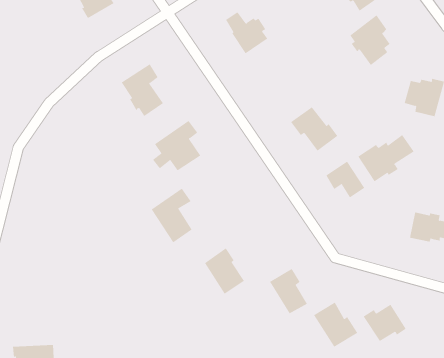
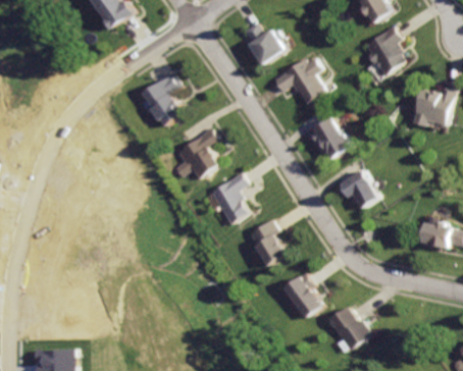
building: none -> [270,58,323,106]
building: [357,134,415,182] -> none
building: [151,188,193,243] -> [205,171,246,225]
building: [204,247,245,294] -> [247,220,287,266]
building: [363,304,407,342] -> none

